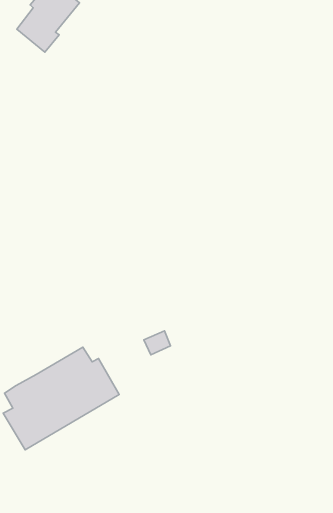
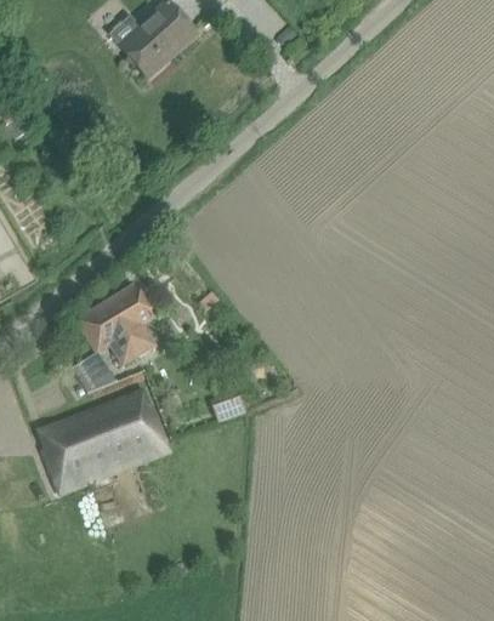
building: none -> [72,284,155,391]

